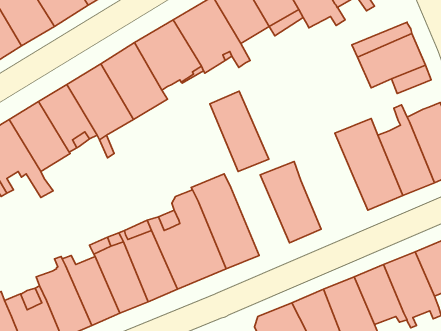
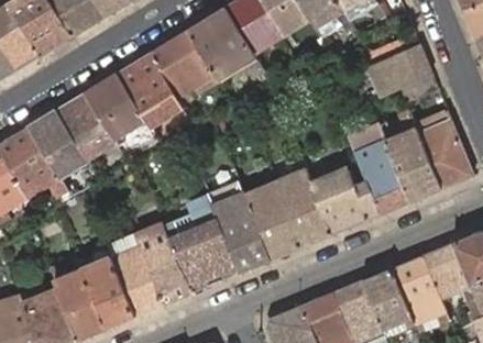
building: [210,91,269,172] -> [243,180,300,258]
building: none -> [311,172,376,233]

